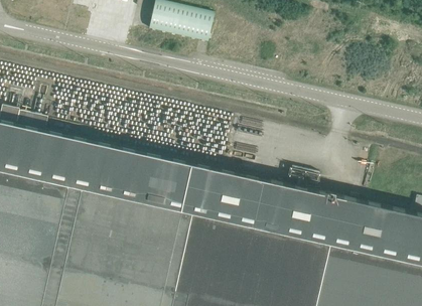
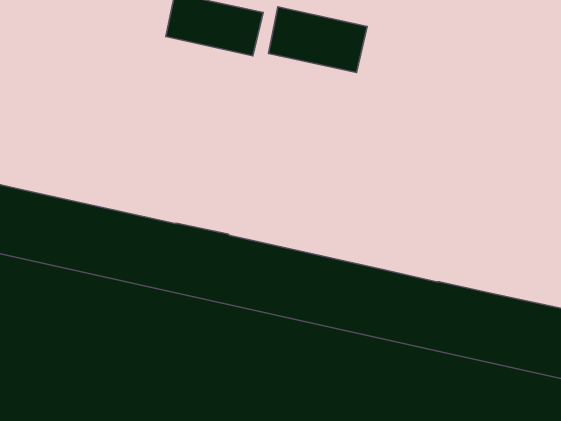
building: none -> [269,7,367,72]

